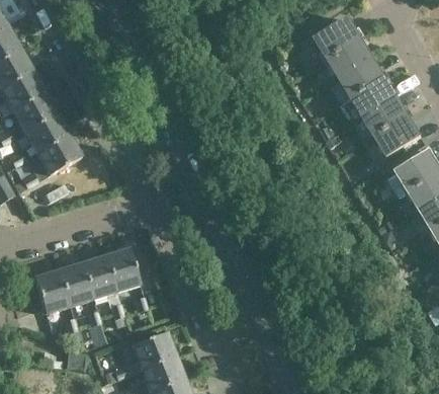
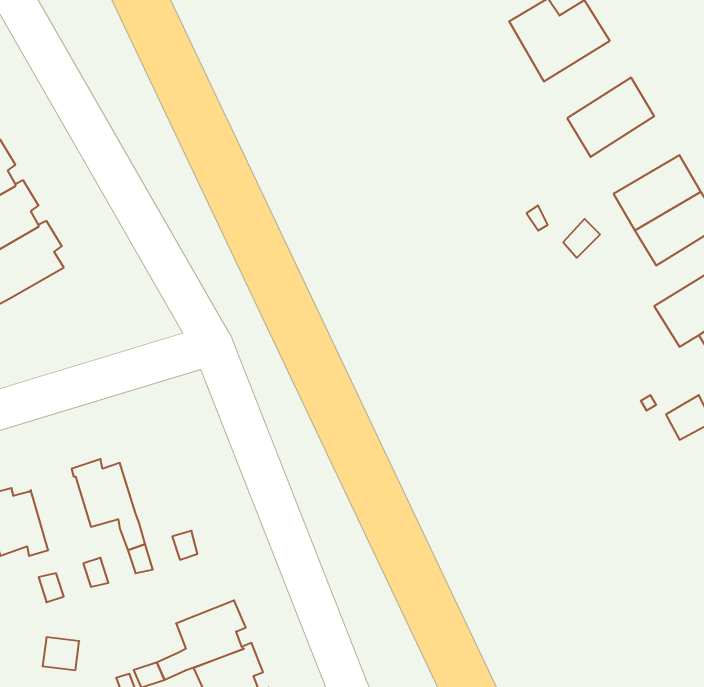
building: [328,40,373,80] -> none
building: [352,79,399,120] -> none
building: [104,251,140,287] -> none
building: [58,265,93,302] -> none

